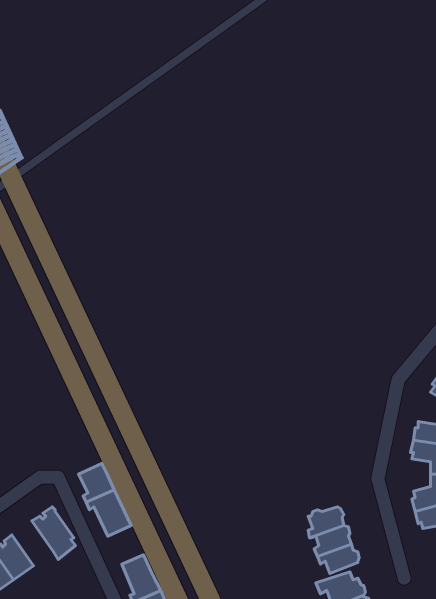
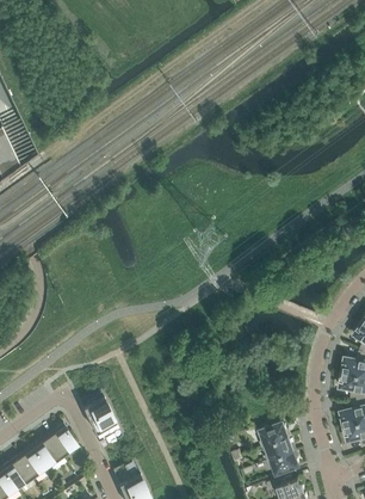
building: none -> [31,433,63,468]

